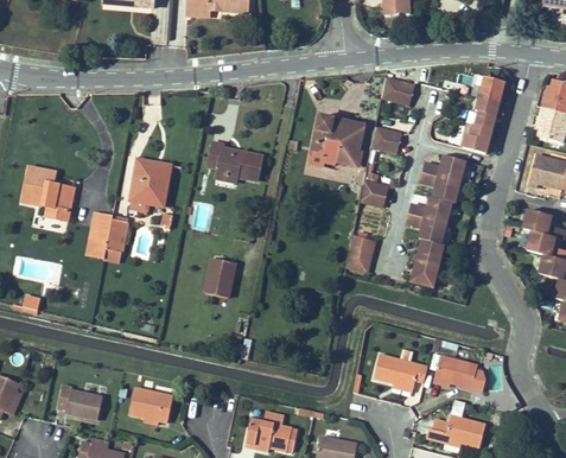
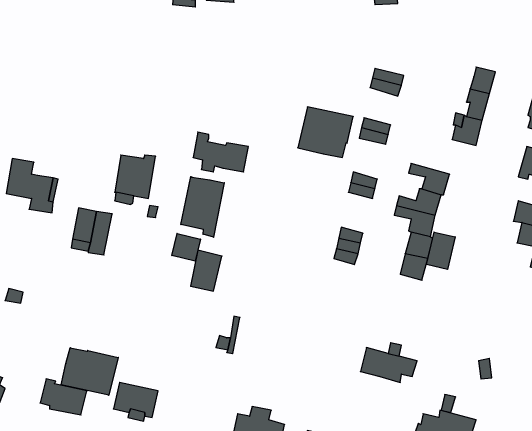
building: [421,155,465,183] -> none
building: none -> [181,177,224,237]
building: none -> [426,232,455,269]
building: none -> [172,233,200,261]
building: none -> [61,348,118,395]
building: [433,355,484,392] -> none

